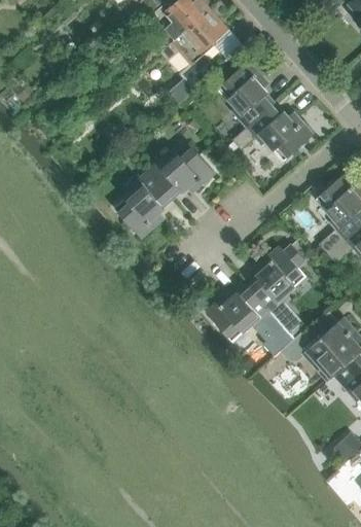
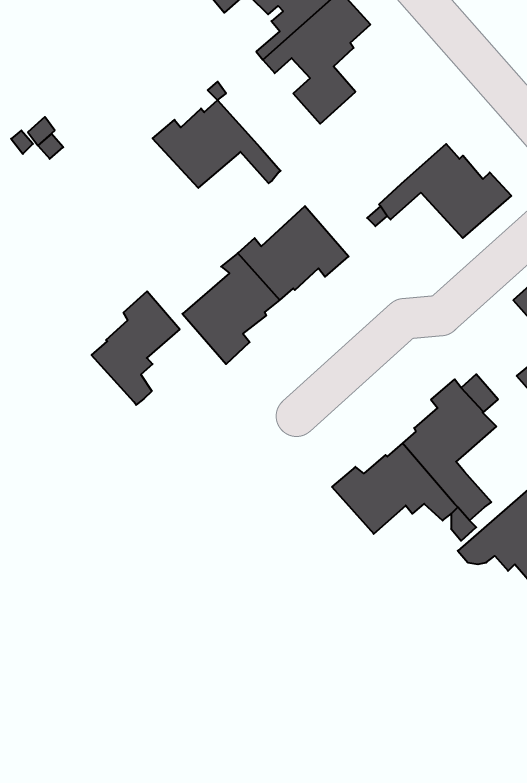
building: [219,61,275,129] -> none
building: none -> [153,100,281,188]
building: none -> [92,291,180,405]

